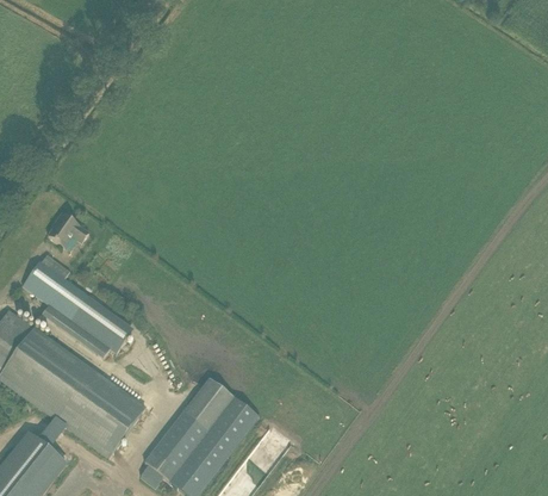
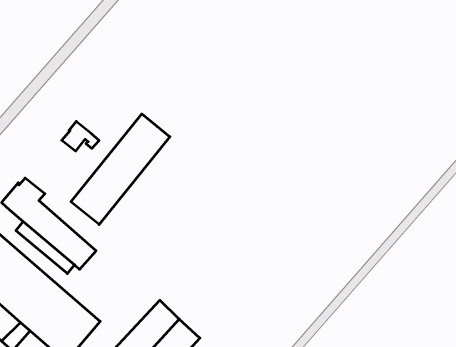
building: none -> [71,114,170,225]
building: [48,212,89,246] -> [62,121,99,151]

